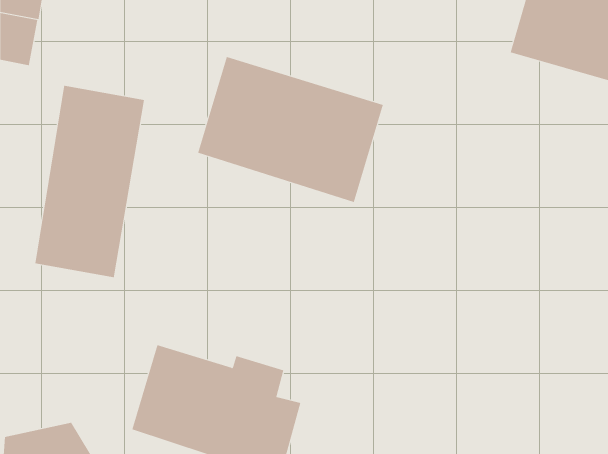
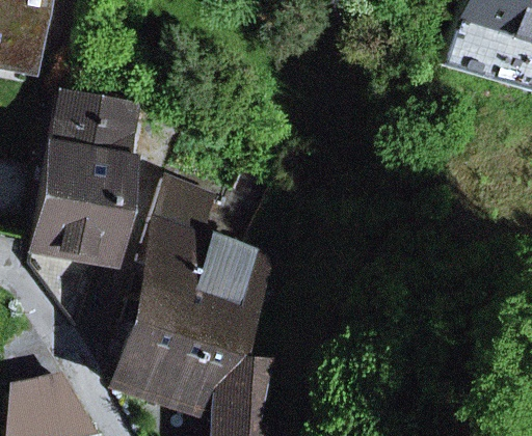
building: [198,56,384,203] -> none
building: none -> [140,180,271,336]

